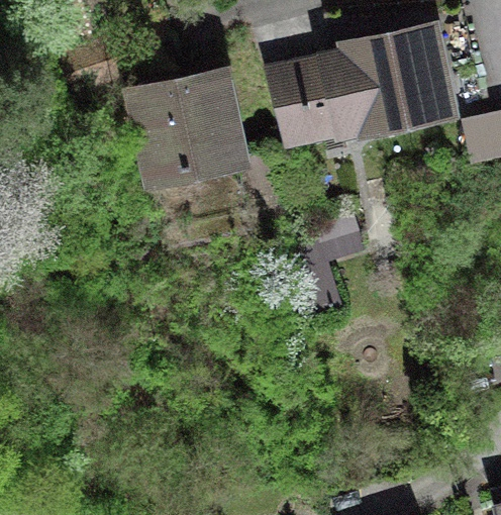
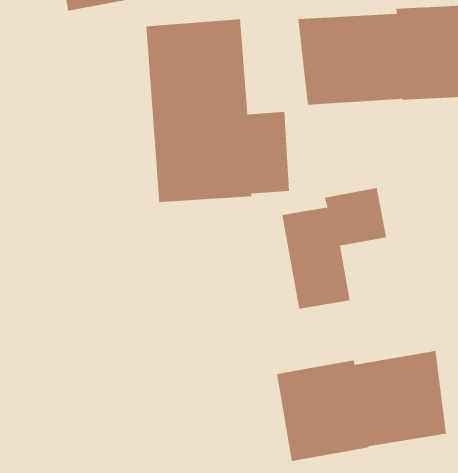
building: none -> [276,350,446,462]

